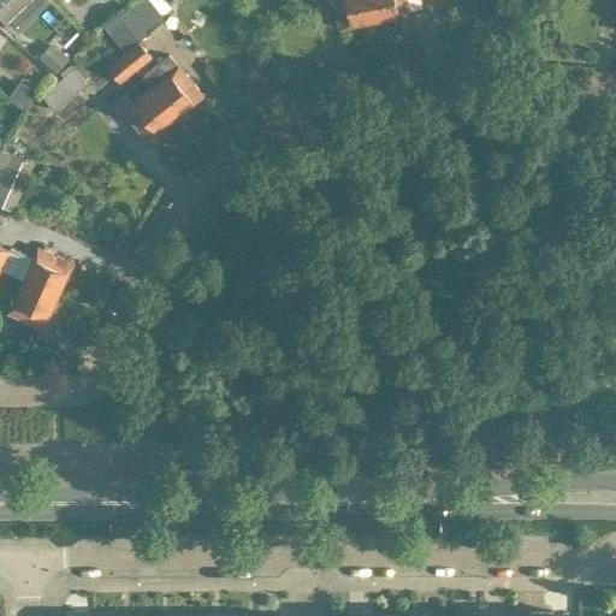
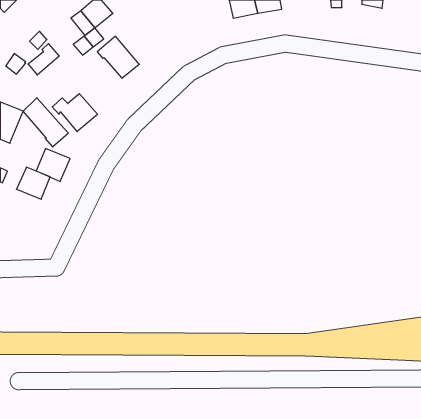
building: [112,87,178,142] -> [52,94,98,132]
building: none -> [23,98,68,147]
building: [11,279,60,327] -> [36,149,70,181]

